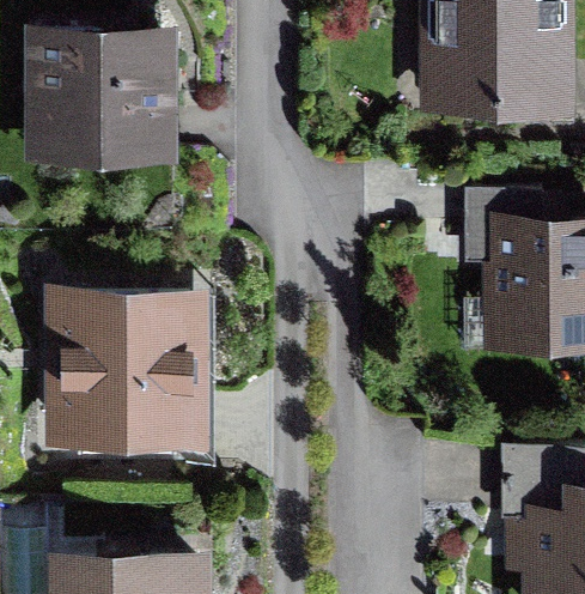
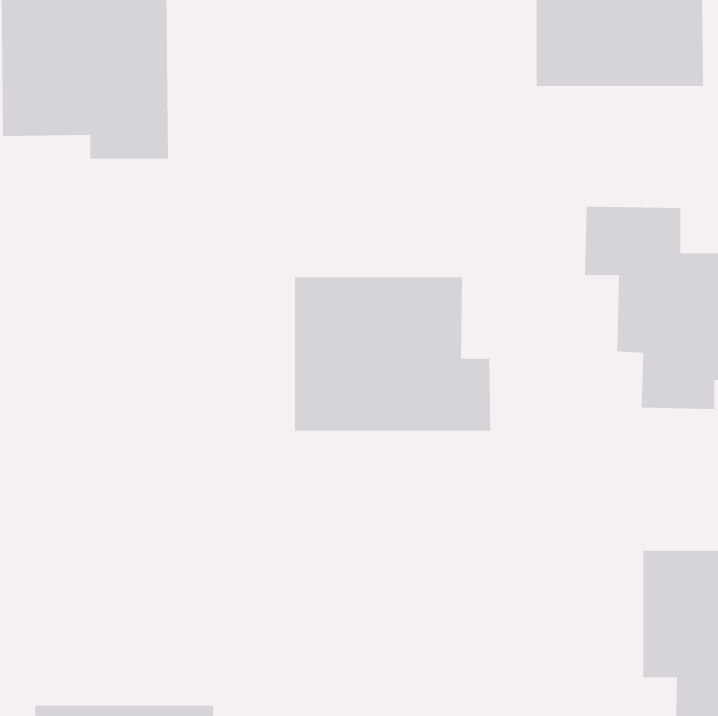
building: none -> [295,277,491,432]
building: [63,299,189,437] -> none

